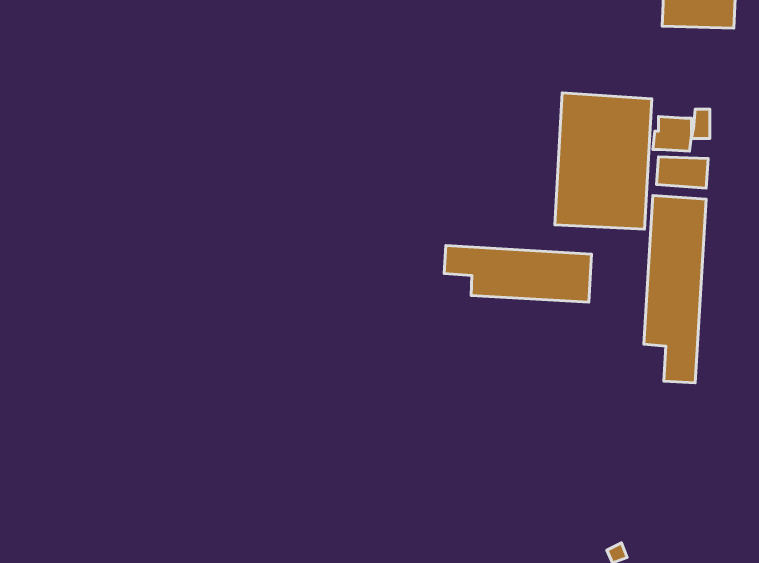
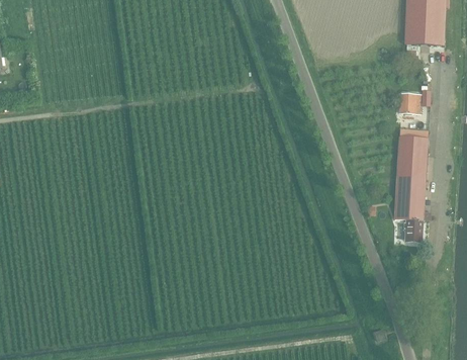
building: [555,93,652,229] -> none
building: [444,245,591,302] -> none

